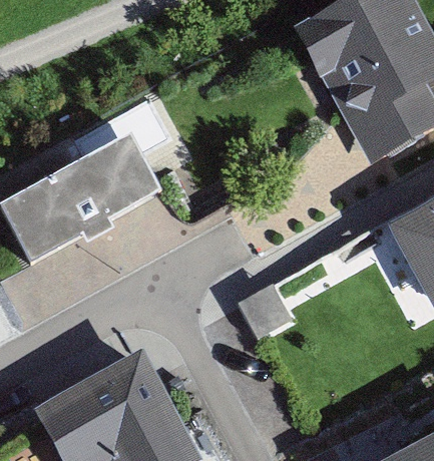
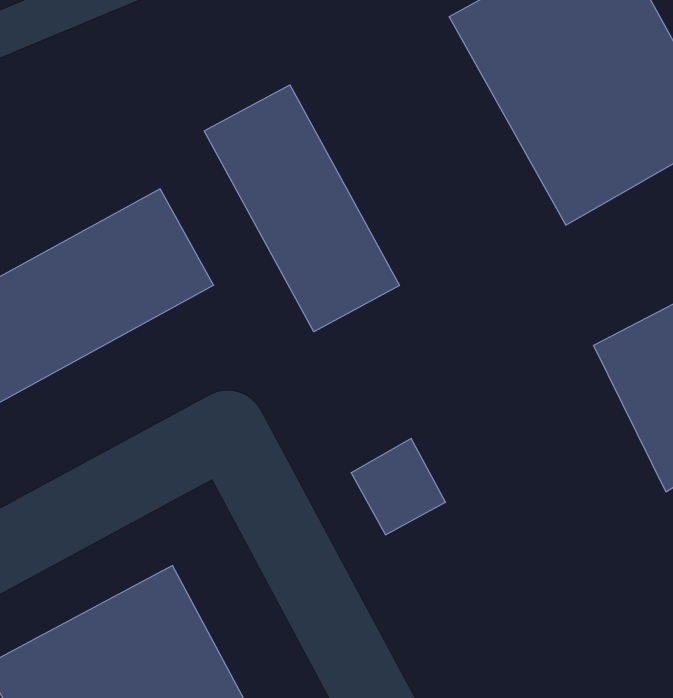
building: none -> [204,85,399,332]

